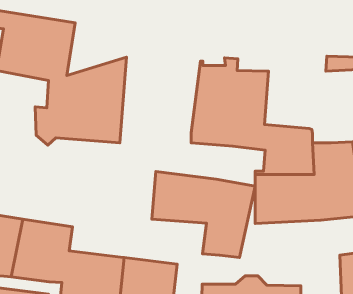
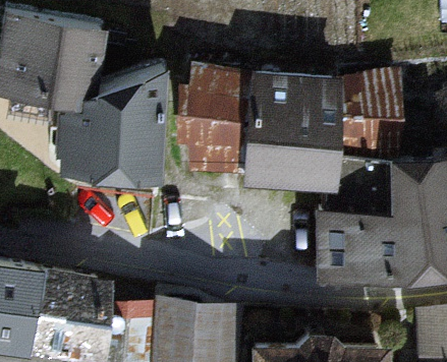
building: none -> [191,67,253,164]
building: none -> [331,74,394,159]
building: [152,171,255,258] -> none

